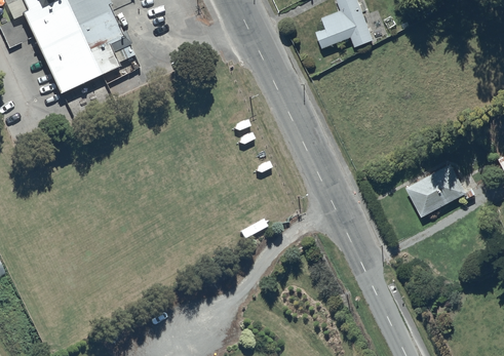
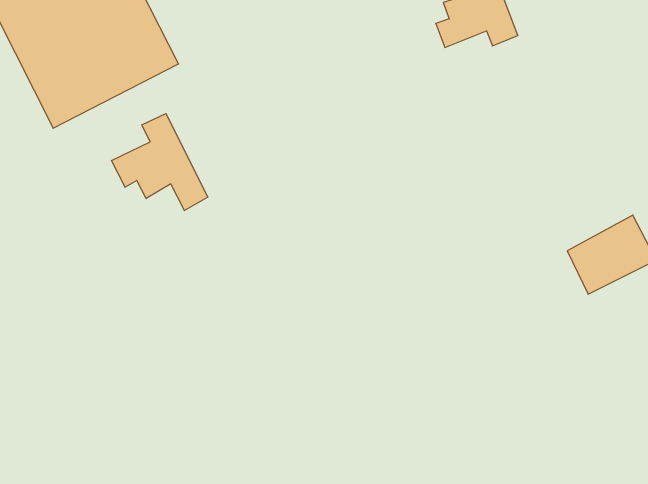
building: none -> [111,114,208,211]

